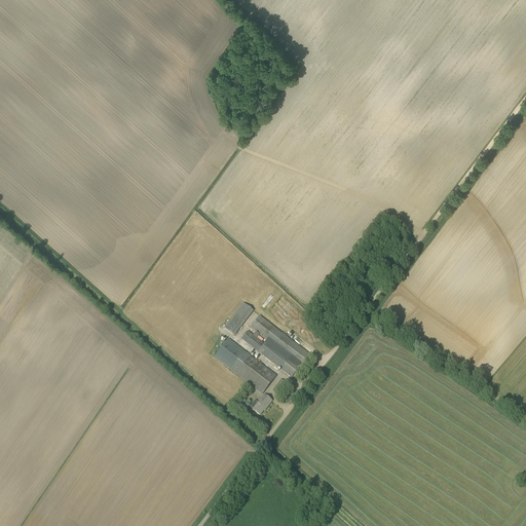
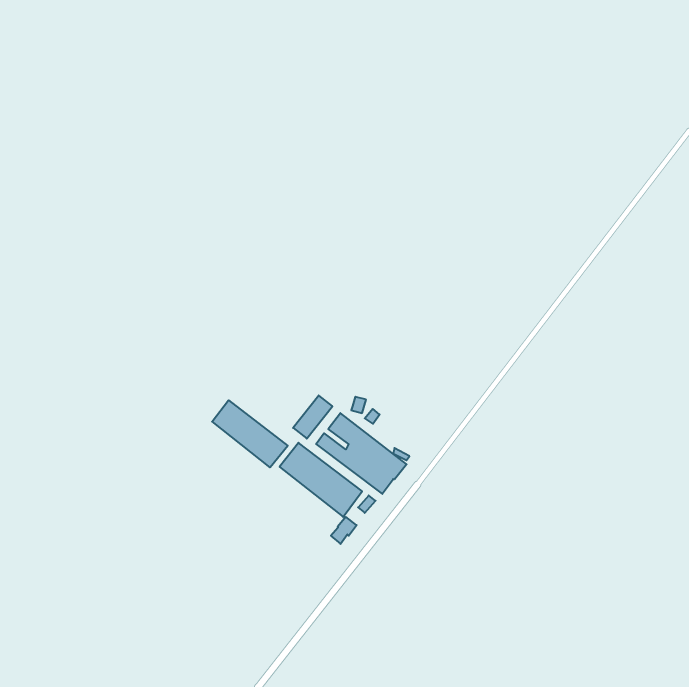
building: none -> [212,400,288,467]

